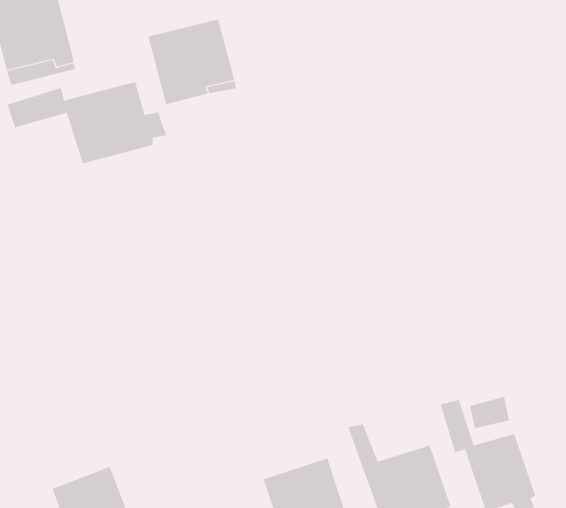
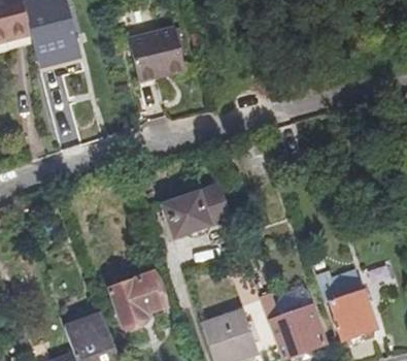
building: [7,81,167,164] -> none
building: none -> [162,180,229,233]
building: none -> [108,269,164,326]

